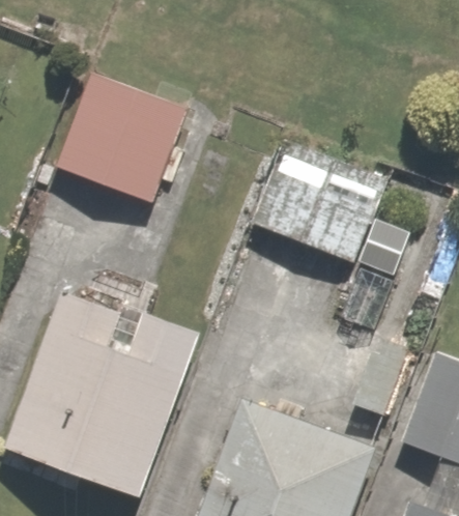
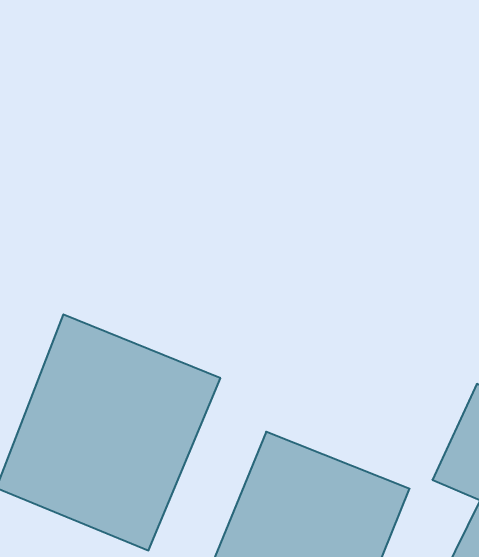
building: [53,74,196,206] -> none
building: [255,147,426,293] -> none

